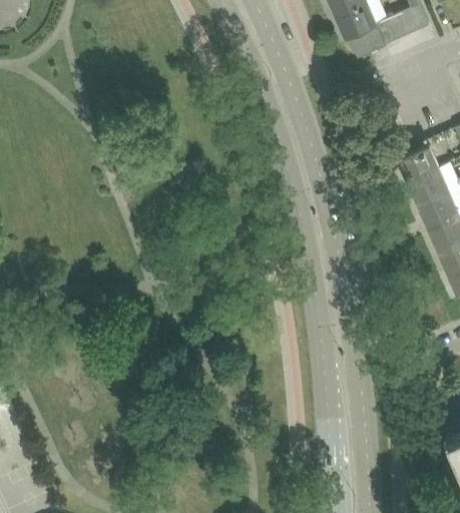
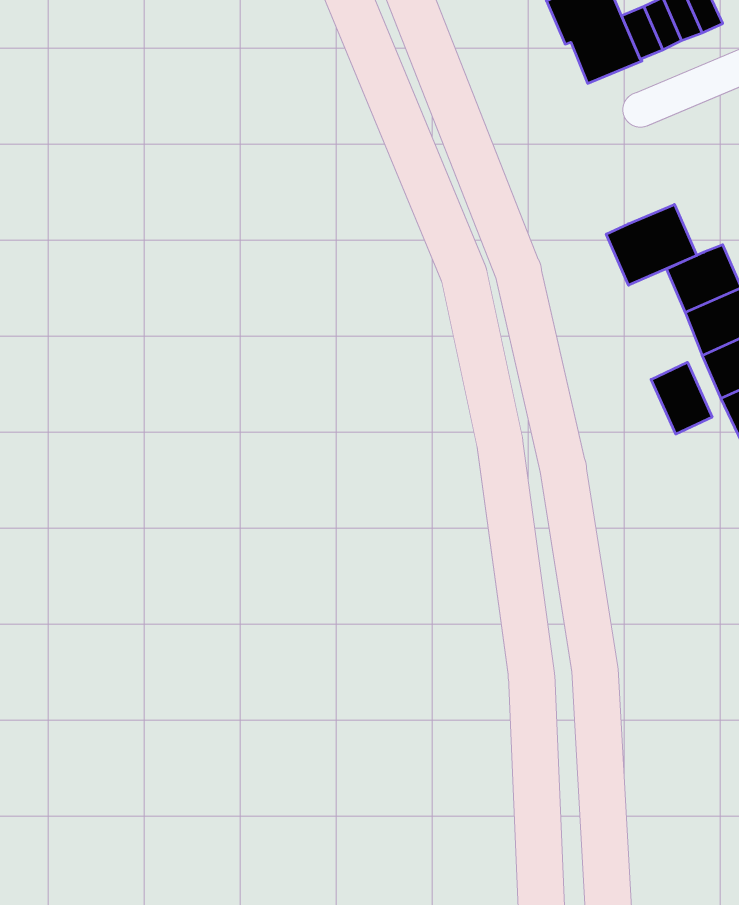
building: none -> [606,204,697,285]
building: none -> [651,362,712,434]

